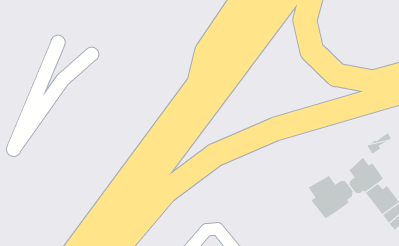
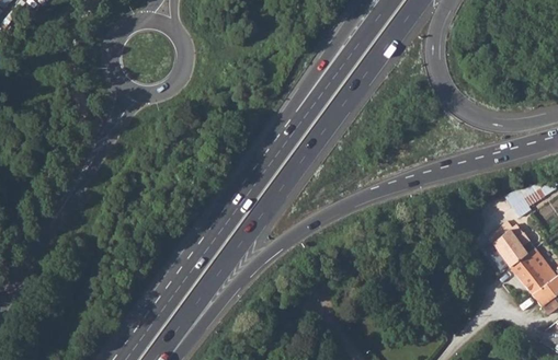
building: [308,175,353,219] -> none

